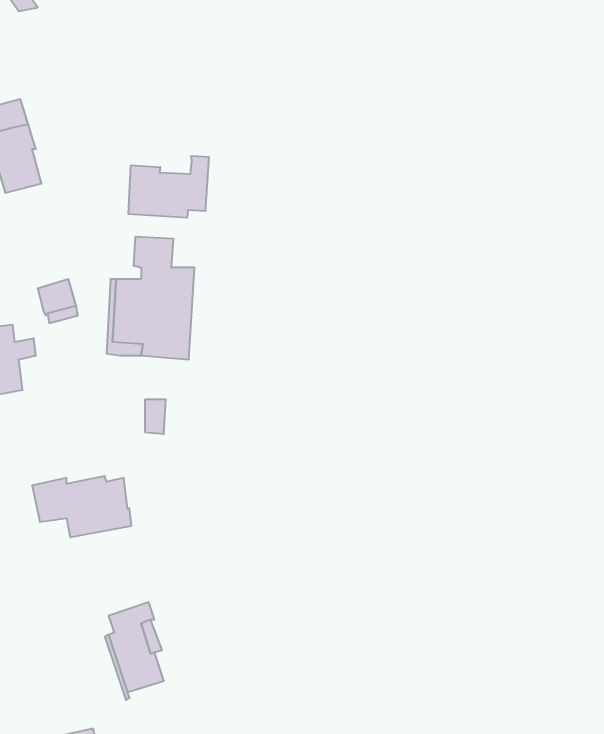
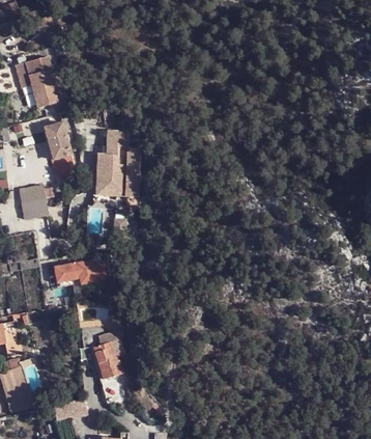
building: [128,156,209,218] -> none
building: none -> [47,121,73,159]

